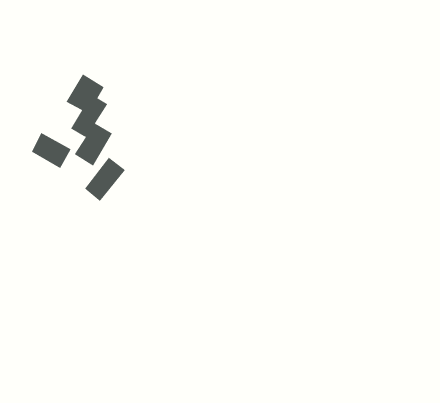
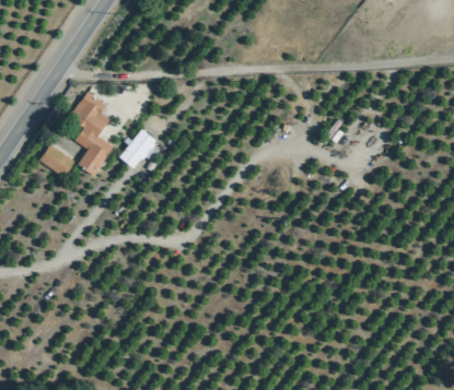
building: [84,157,126,202] -> [120,128,158,168]

